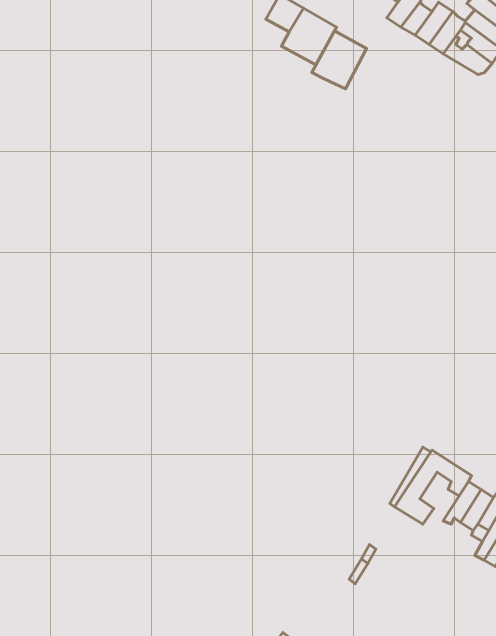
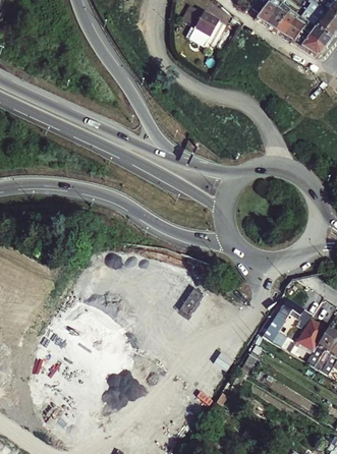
building: [312,31,367,89] -> none

